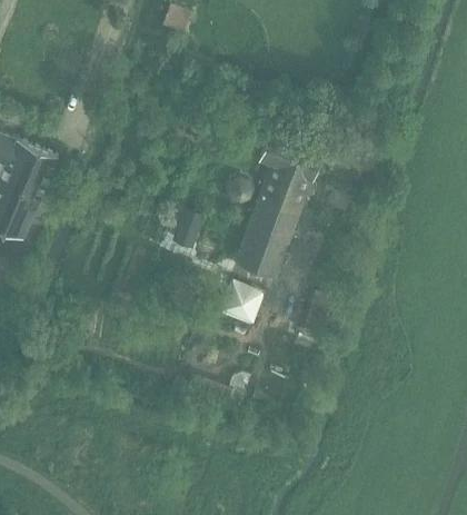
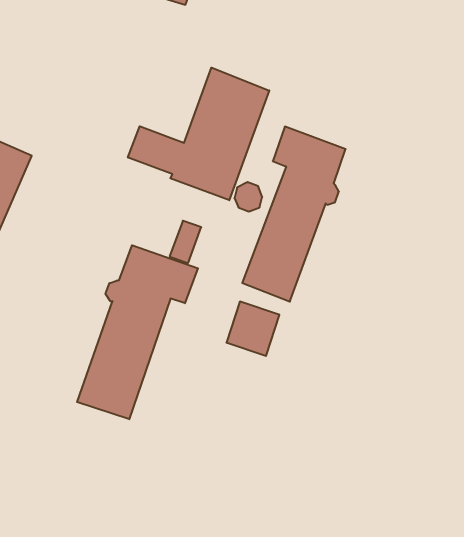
building: none -> [128,68,269,200]
building: none -> [77,245,198,419]

